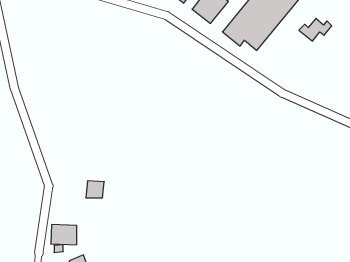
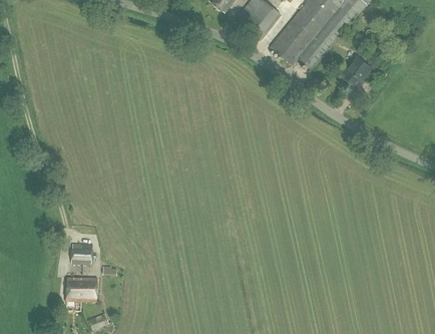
building: [299,18,332,41] -> [336,56,375,83]
building: [86,181,104,198] -> [70,243,92,263]

